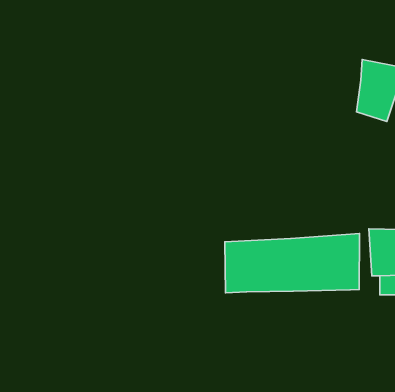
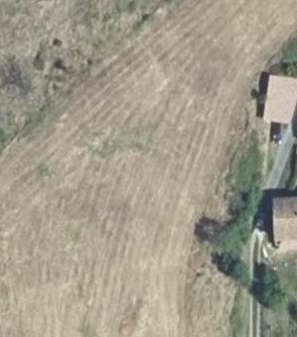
building: [225,234,360,293] -> none

